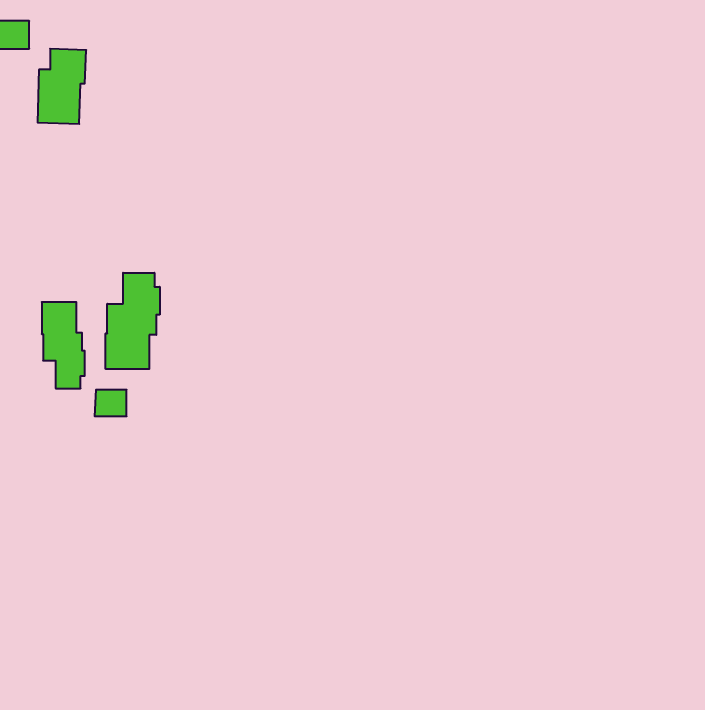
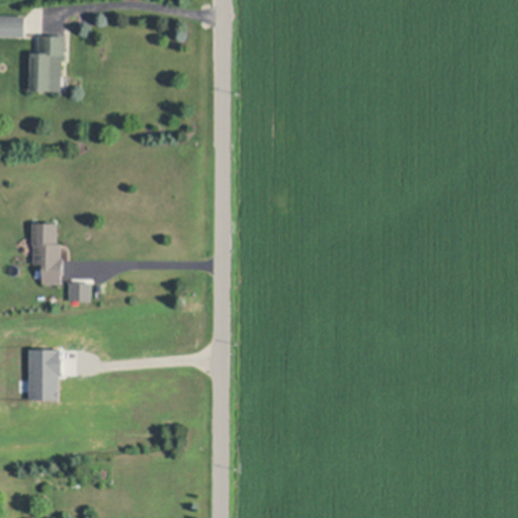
building: [106,273,160,369] -> none
building: none -> [28,351,62,403]

